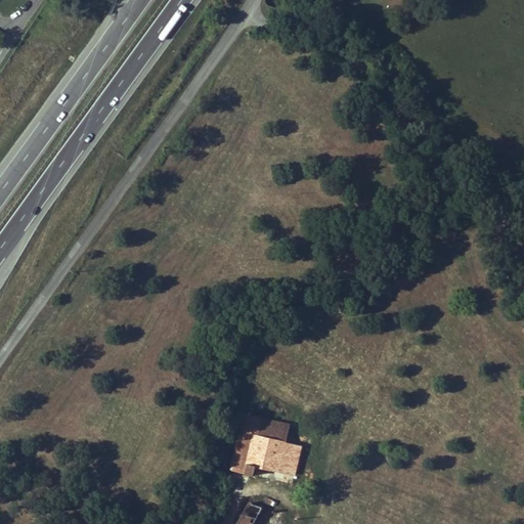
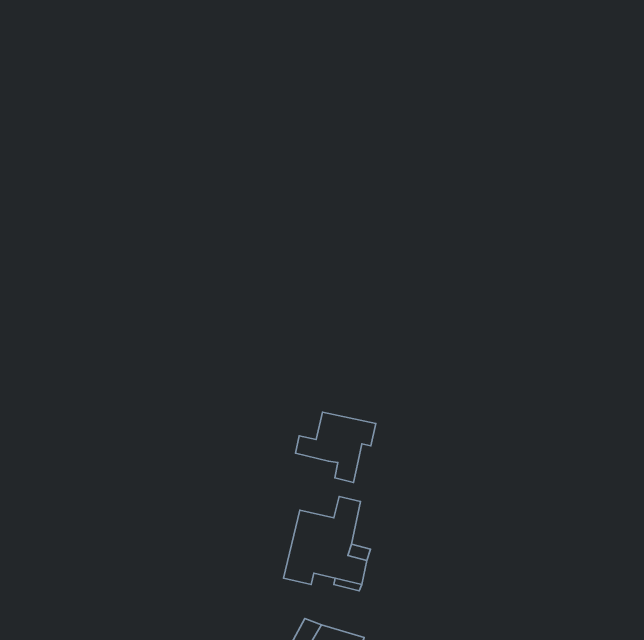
building: none -> [295,412,376,482]

